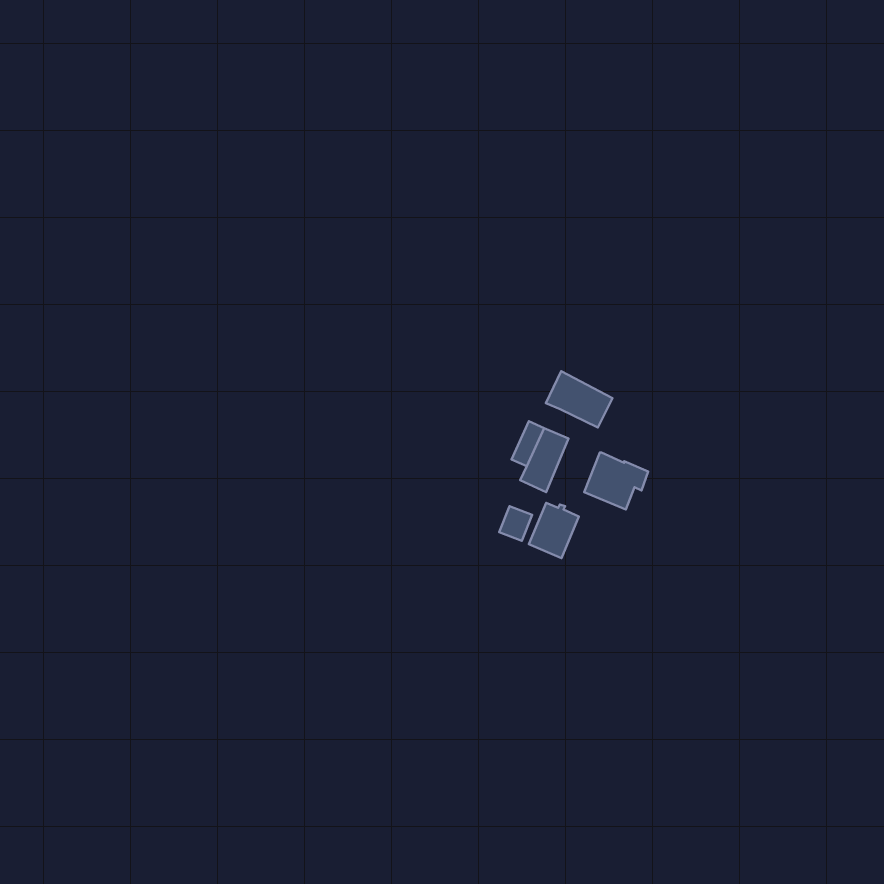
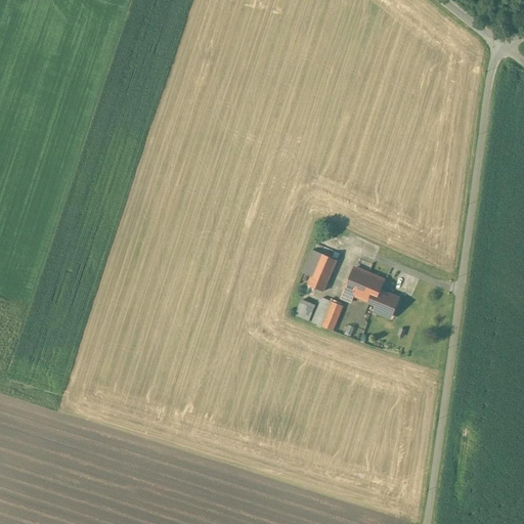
building: [546,371,613,427] -> none
building: none -> [370,288,398,316]

